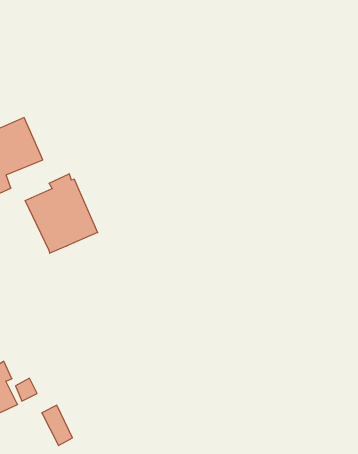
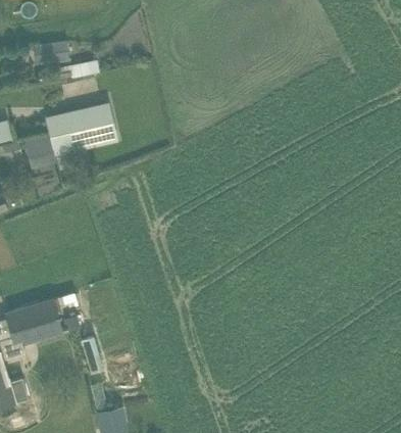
building: [25,174,98,253] -> none

